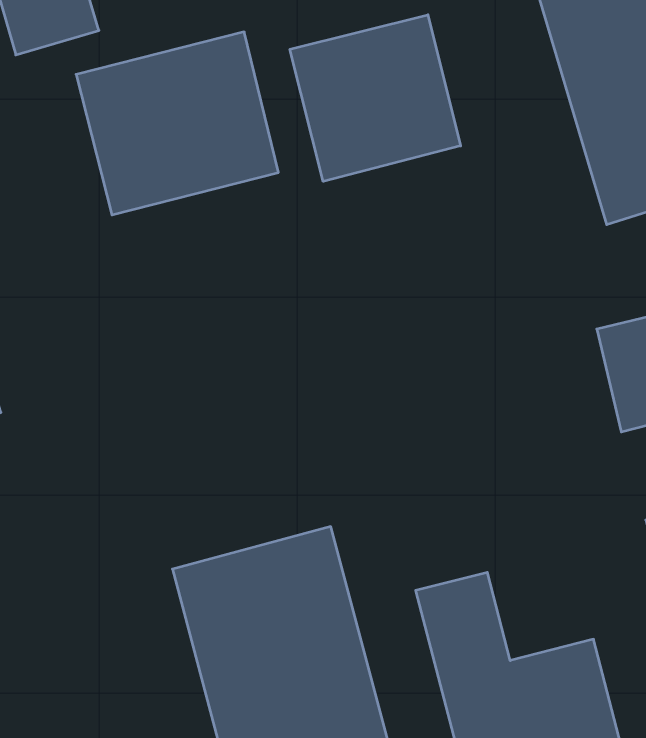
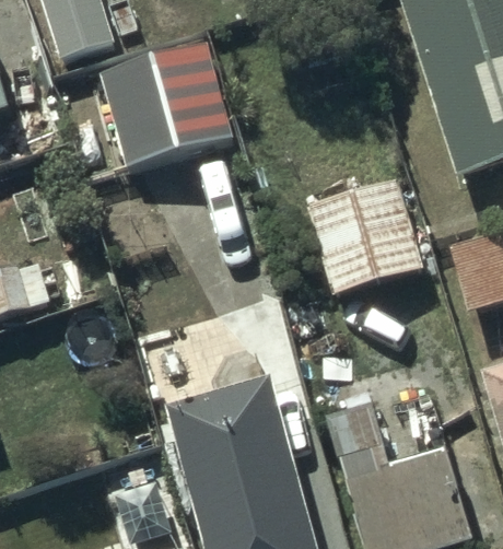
building: [290,15,461,181] -> none
building: none -> [309,177,424,292]

